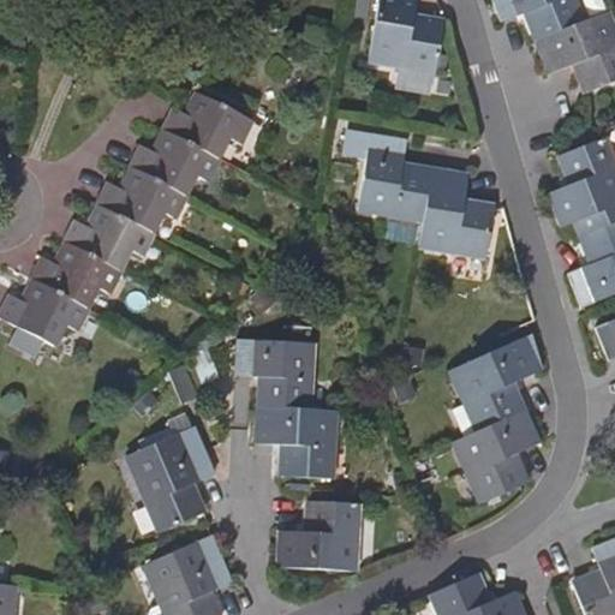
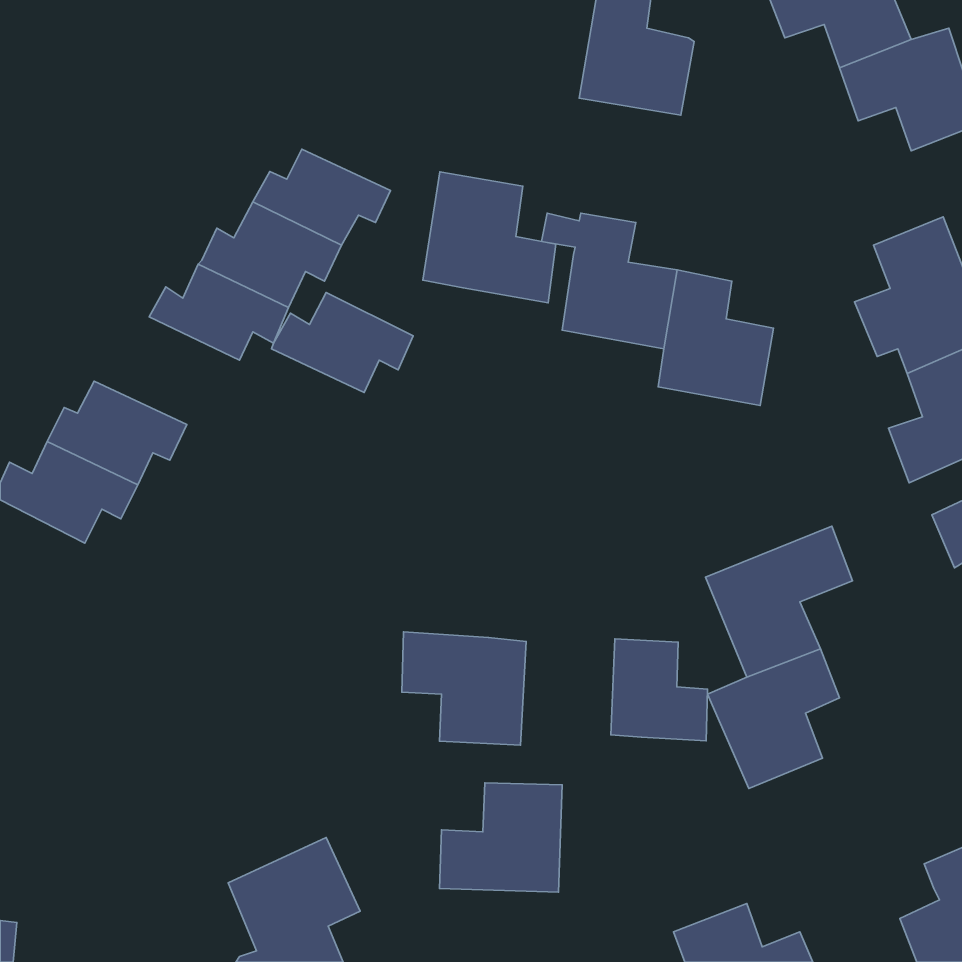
building: none -> [423,172,556,303]
building: [61,207,151,270] -> [272,292,413,392]
building: [240,338,315,406] -> none
building: none -> [611,639,707,741]
building: [129,425,215,529] -> none

